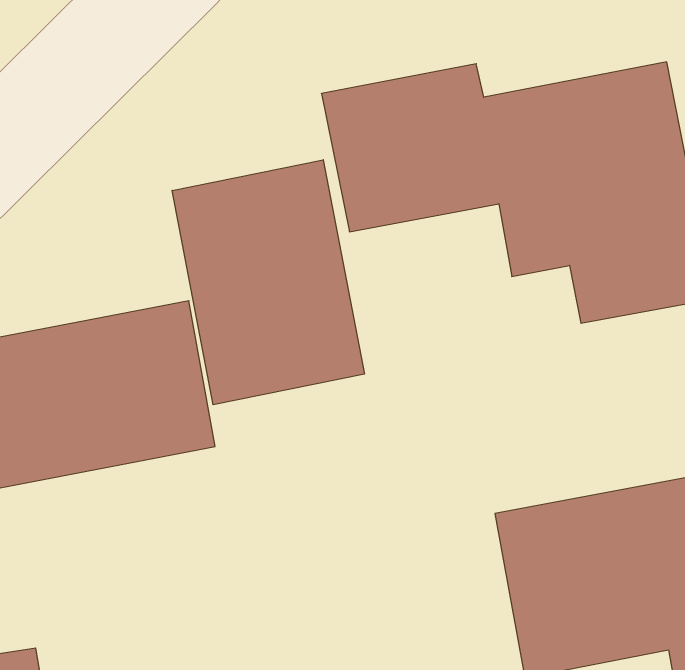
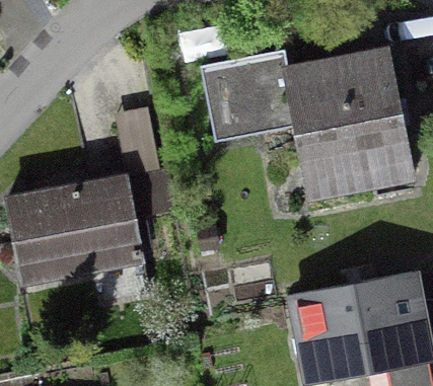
building: [172,160,364,405] -> none

